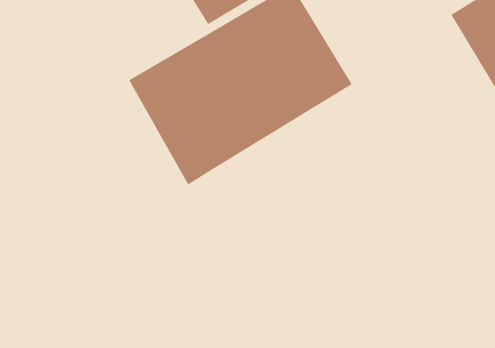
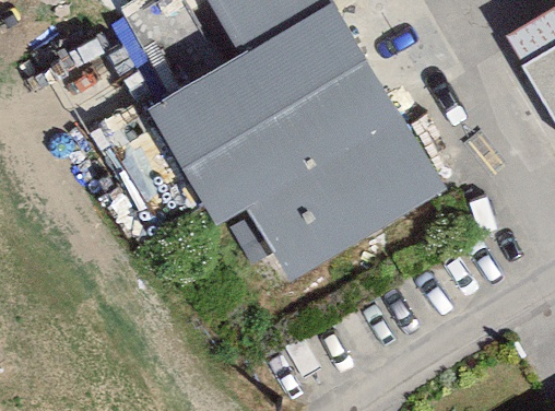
building: none -> [243,111,445,282]

